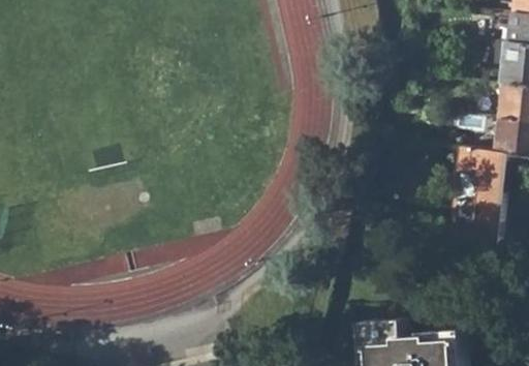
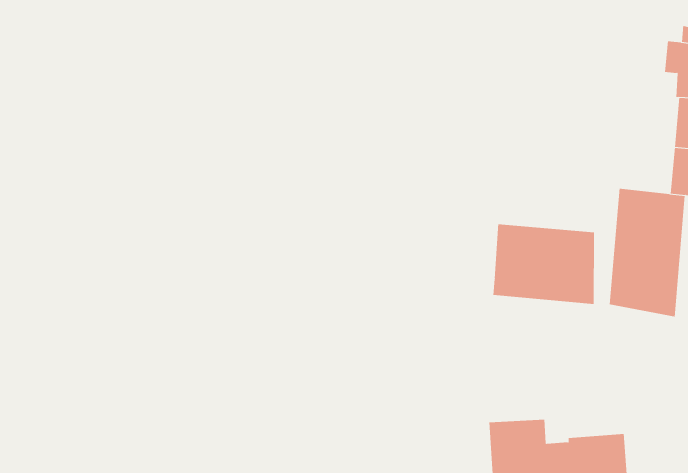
building: none -> [493,224,594,305]

